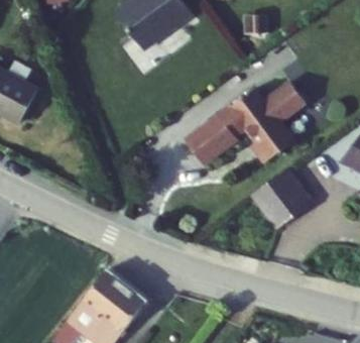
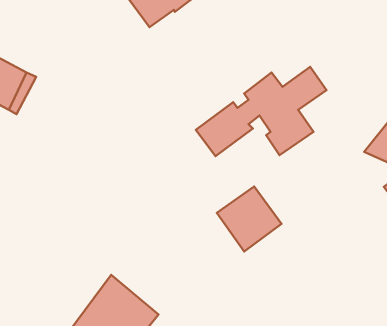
building: [249,167,309,227] -> [217,187,282,251]

